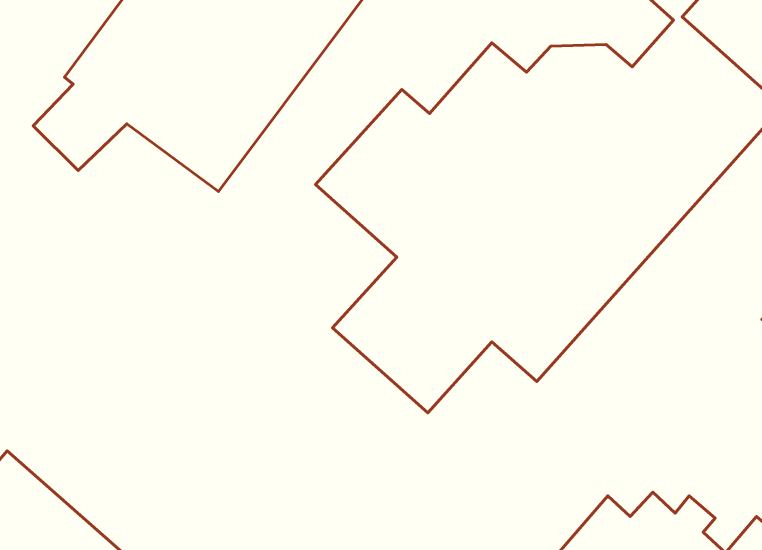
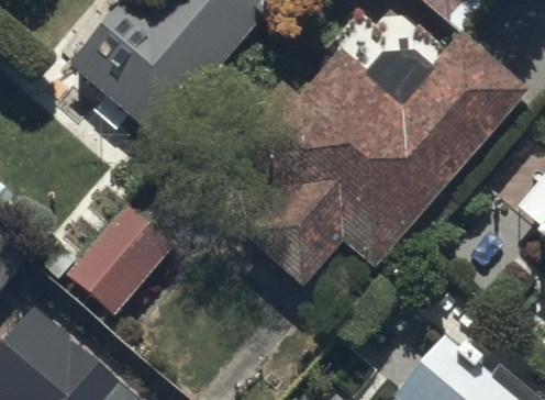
building: none -> [65,187,191,315]

